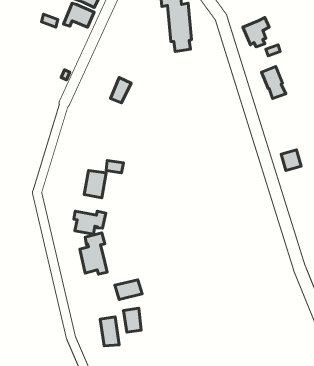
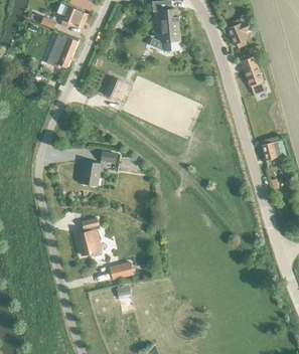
building: none -> [46,32,78,67]
building: [74,211,106,234] -> none
building: [100,317,119,346] -> none

